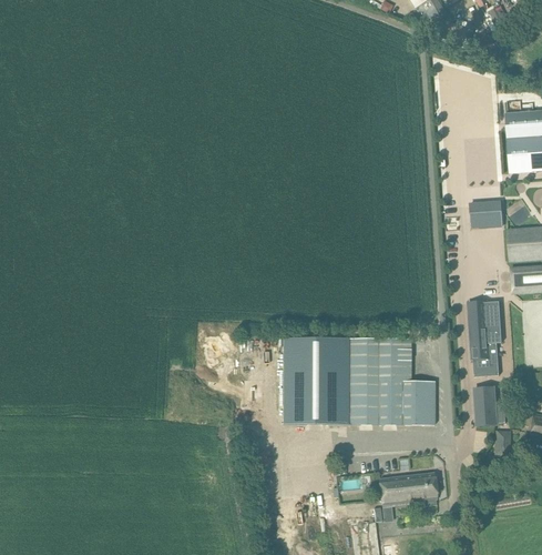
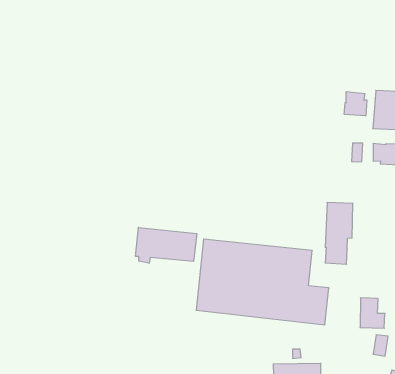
building: none -> [344,92,367,116]
building: [468,299,502,373] -> [325,203,353,264]
building: none -> [135,227,197,263]

